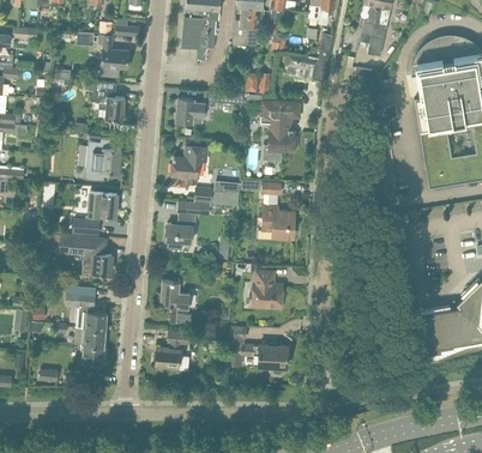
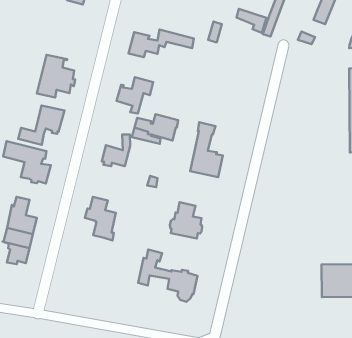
building: [91,81,125,120] -> none
building: [260,101,300,161] -> none
building: [155,332,188,370] -> none

